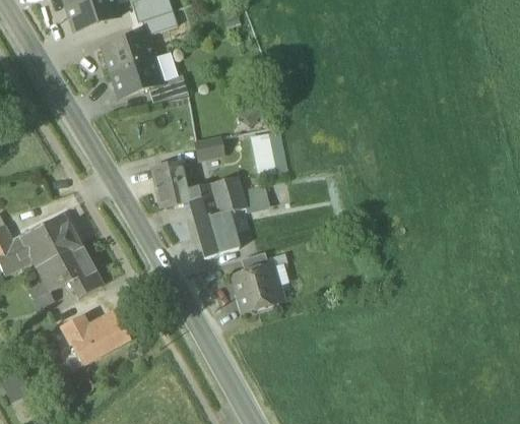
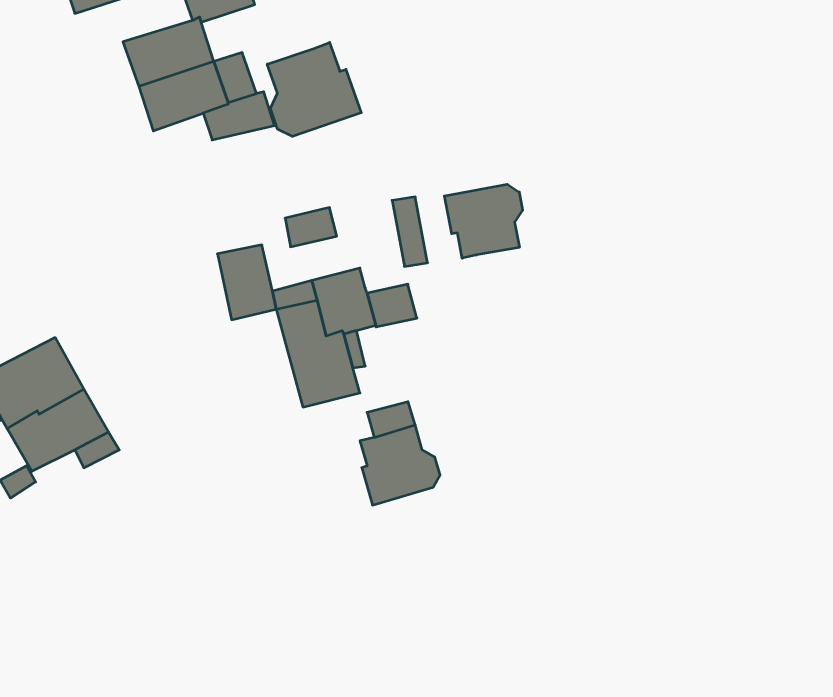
building: none -> [267,42,361,136]
building: none -> [444,184,523,258]
building: [62,311,129,363] -> none

